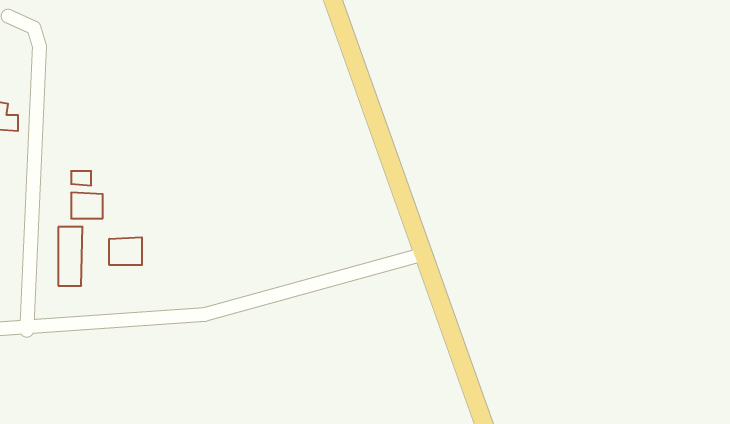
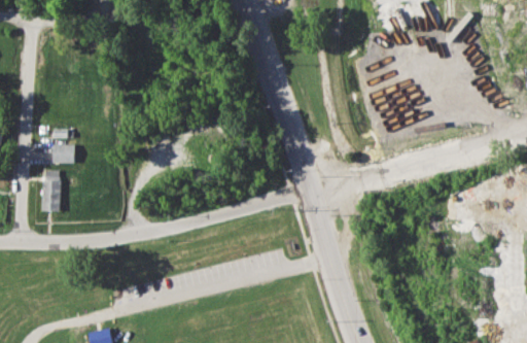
building: [109,237,142,265] -> none

